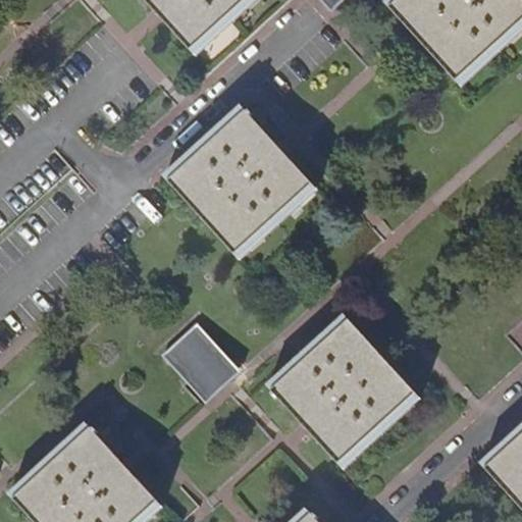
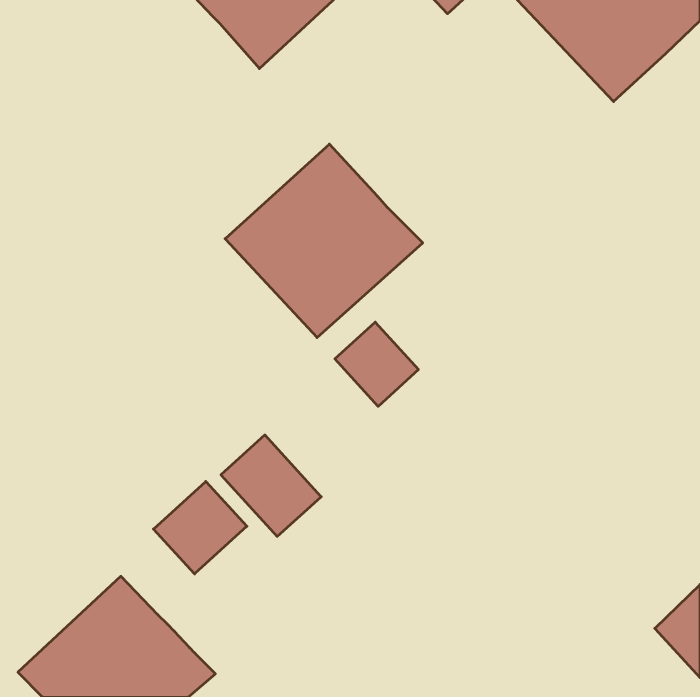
building: none -> [335,322,418,406]
building: [272,317,418,462] -> none
building: none -> [153,481,247,574]

